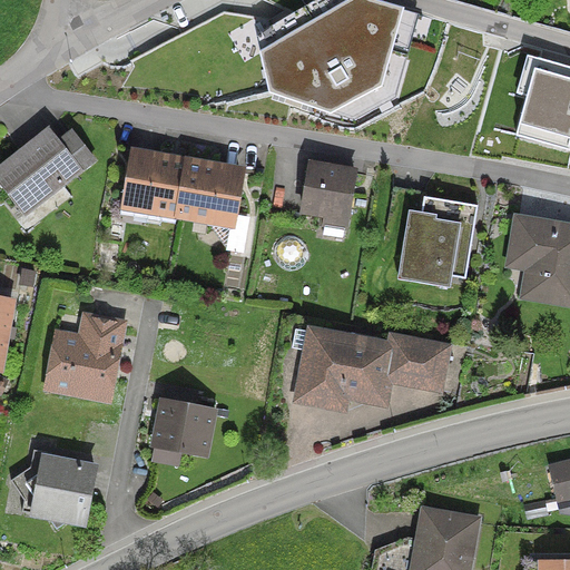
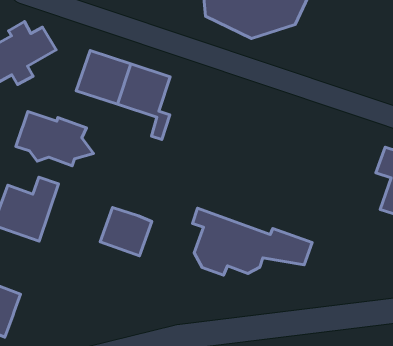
building: [302,164,354,236] -> none
building: [404,200,469,289] -> none
building: none -> [16,112,94,166]
building: [153,399,213,453] -> [100,207,152,256]

